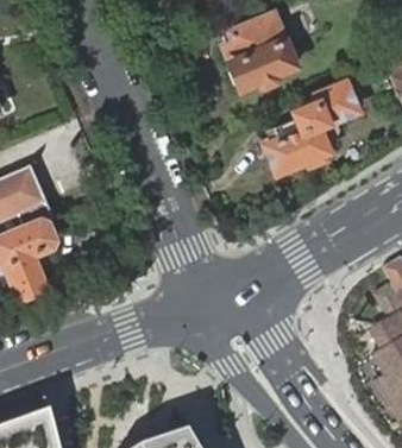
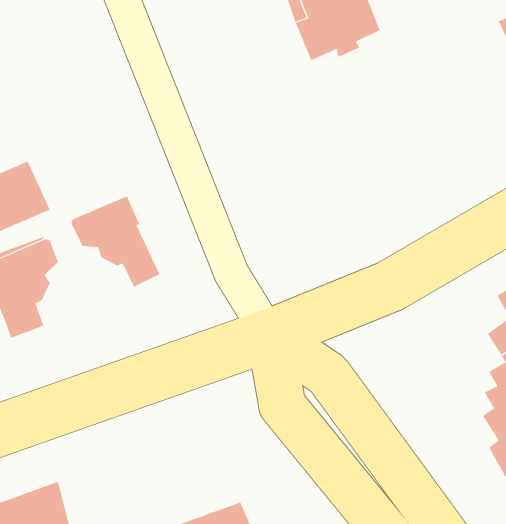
building: [266,87,356,175] -> none
building: none -> [71,195,160,287]

